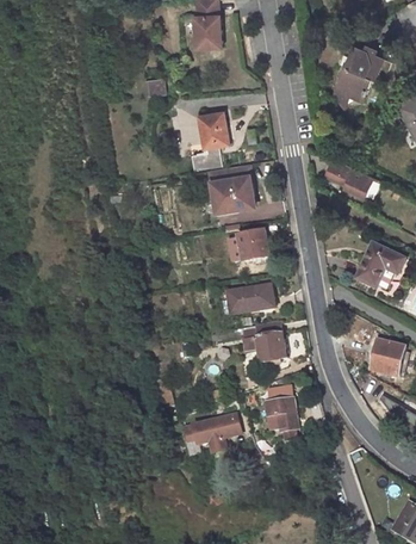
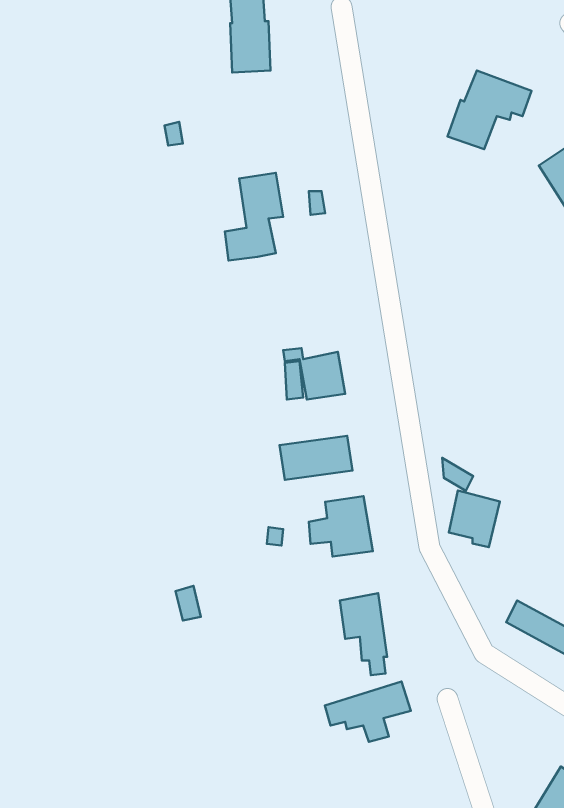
building: [325,159,375,200] -> none
building: [212,162,255,210] -> none
building: [355,243,405,288] -> none
building: [372,338,405,375] -> [449,491,500,547]
building: [187,414,243,453] -> [325,682,411,742]

